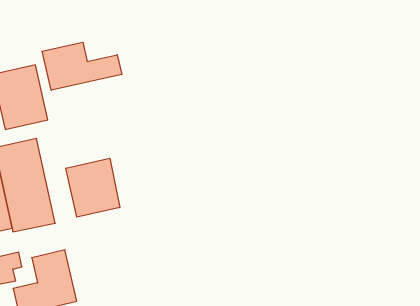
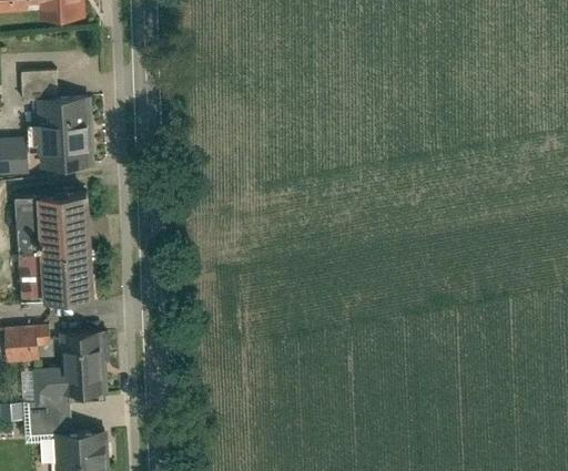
building: [42,42,122,90] -> none
building: [66,158,120,217] -> none

